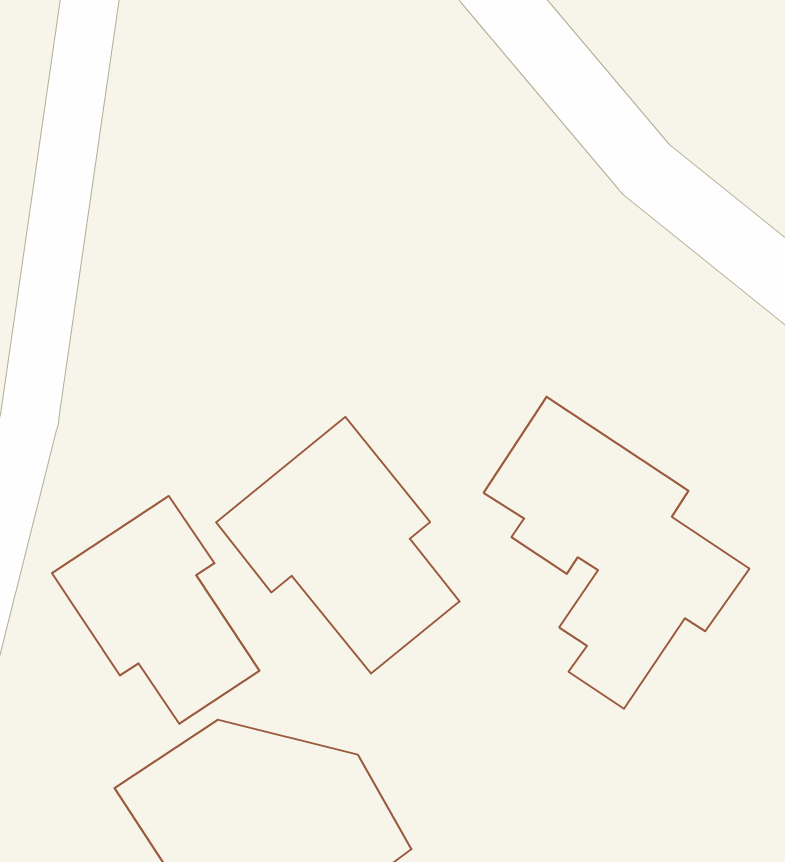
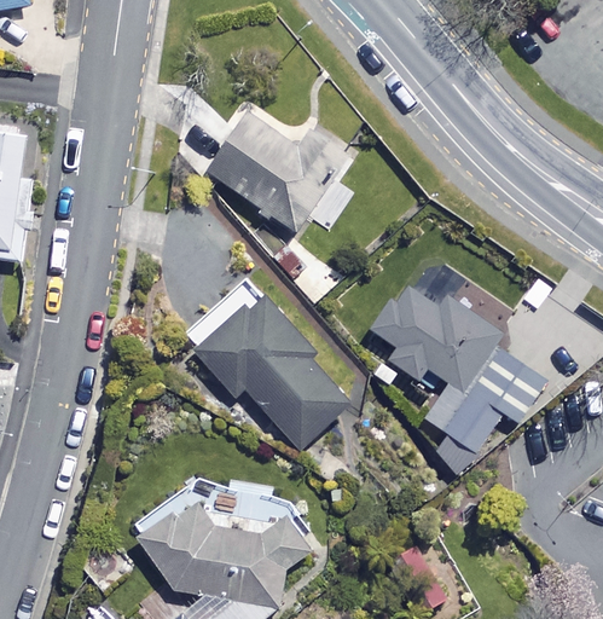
building: none -> [207,115,349,233]
building: [52,496,259,724] -> none

